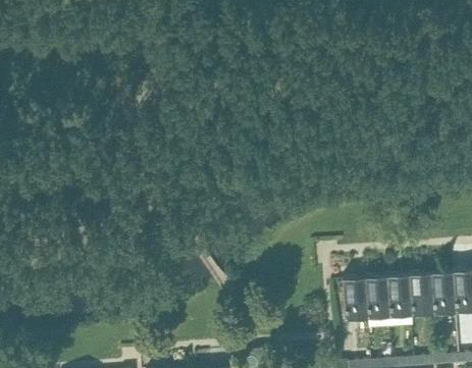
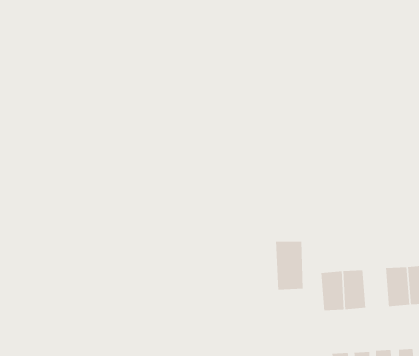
building: none -> [275,241,303,291]
building: [386,275,412,317] -> none

